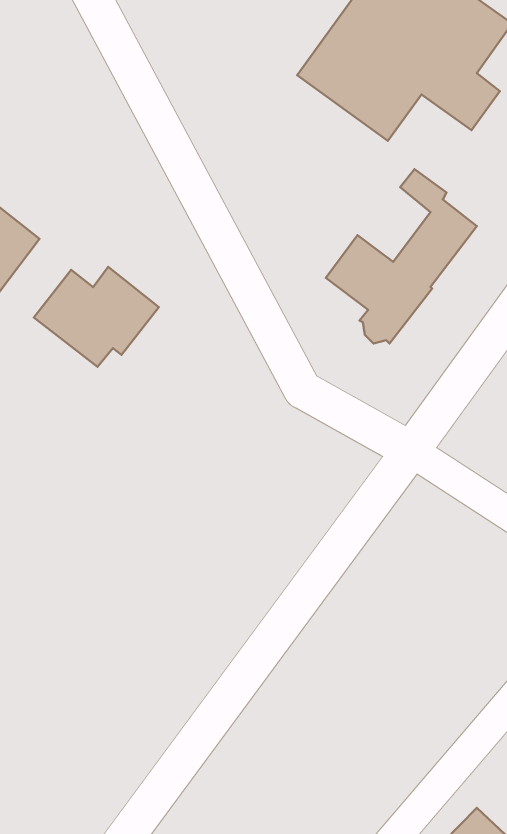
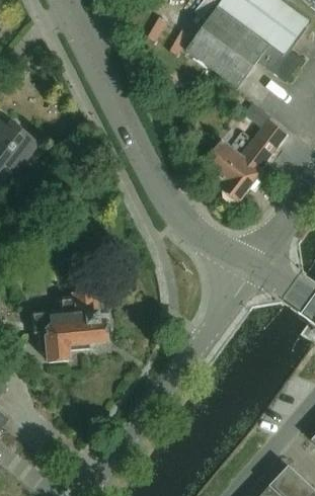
building: [34,267,159,367] -> none
building: none -> [32,291,110,361]

